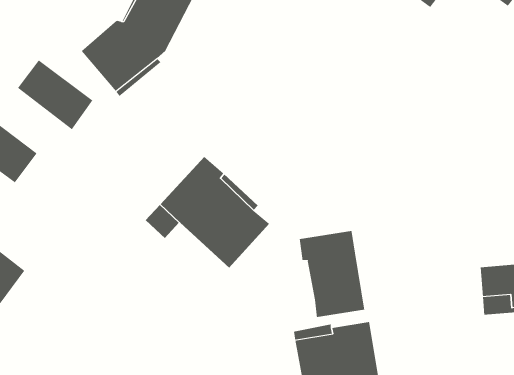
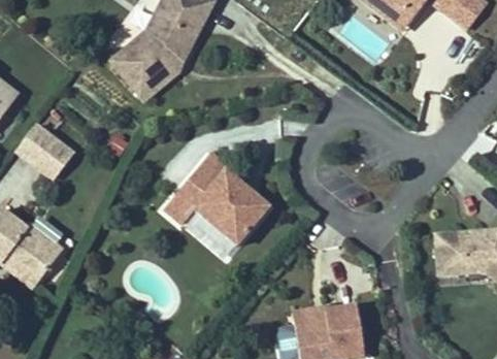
building: [17,60,93,130] -> none
building: [299,230,365,318] -> none

